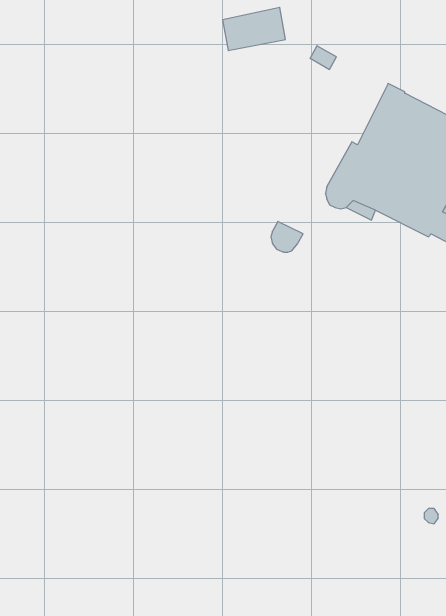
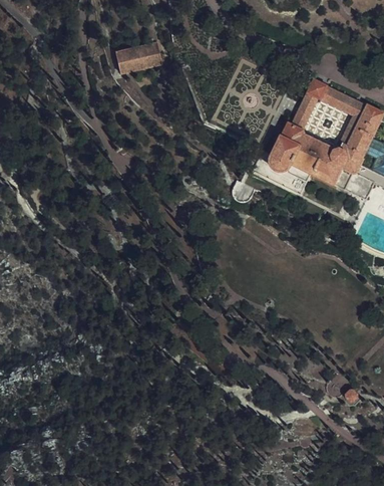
building: [223,7,285,51] -> [114,37,159,68]

